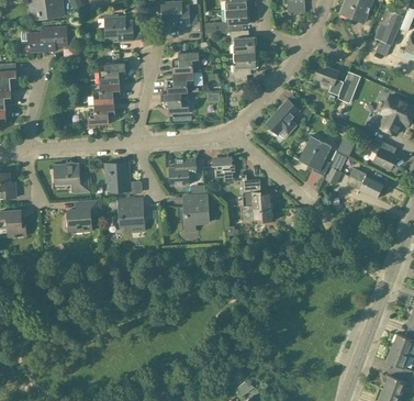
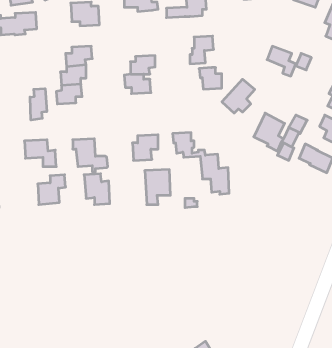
building: [231,31,255,54] -> [199,68,222,89]
building: [171,52,199,75] -> none
building: none -> [30,89,47,120]

